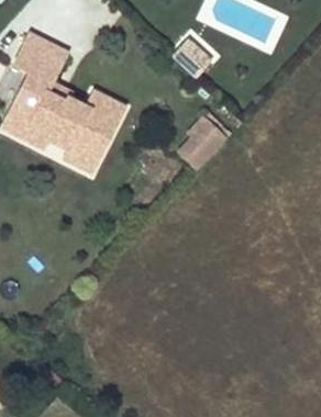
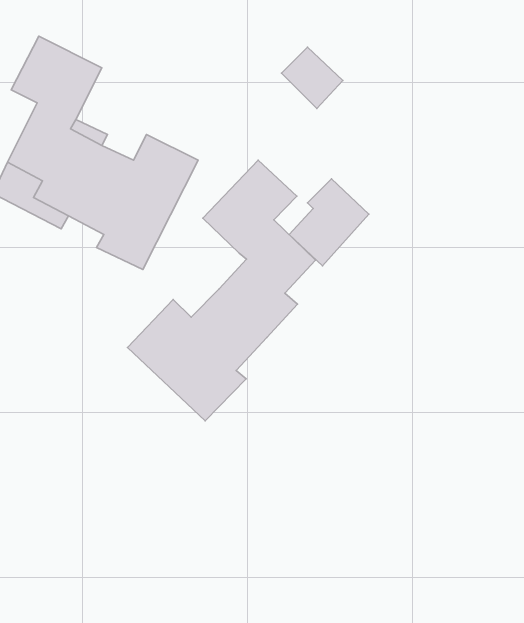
building: none -> [127,160,316,421]

